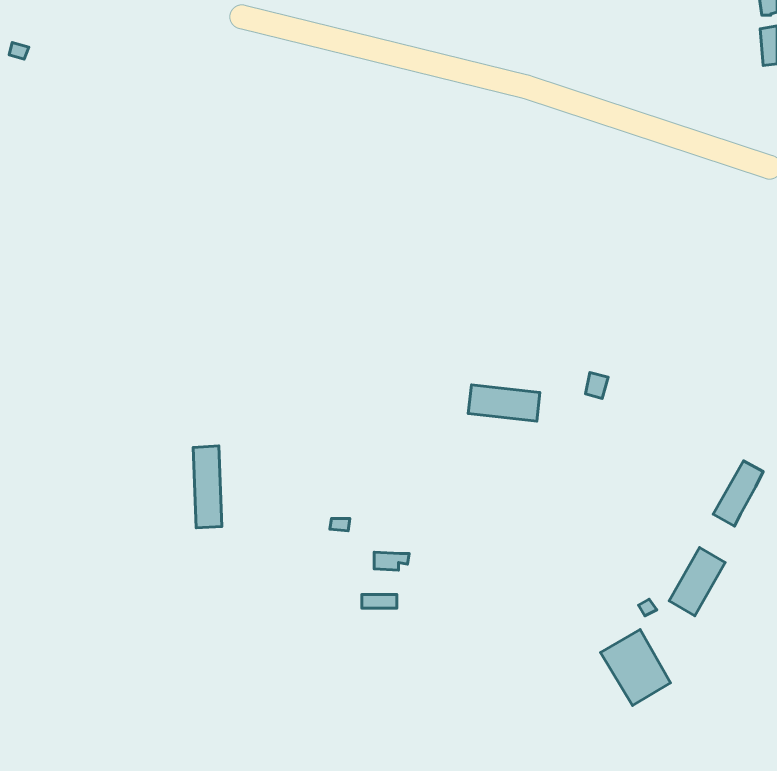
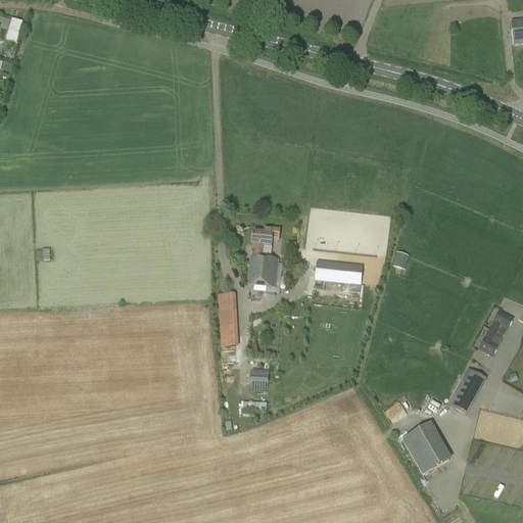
building: none -> [247,226,280,286]
building: [193,446,222,528] -> [219,290,238,345]

